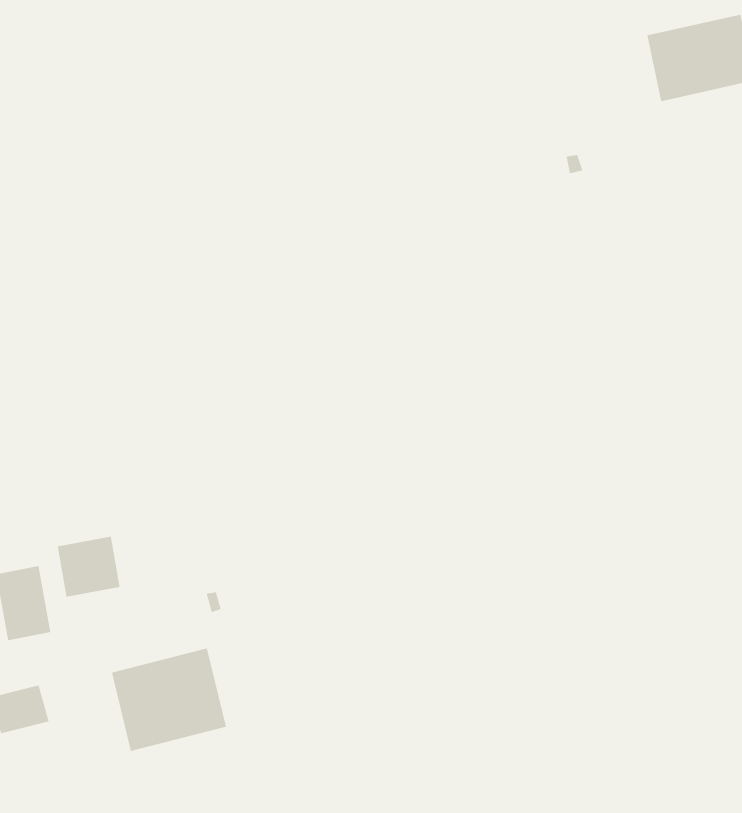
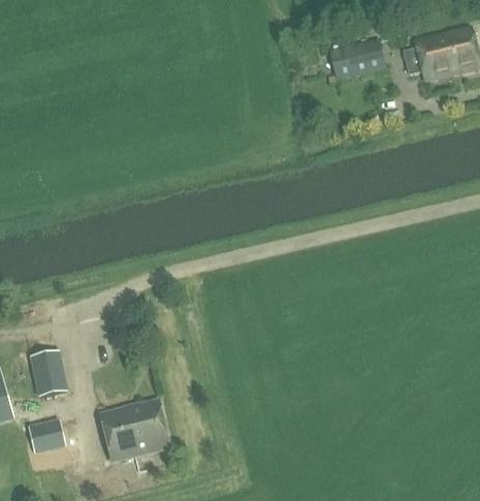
building: none -> [327,38,383,81]
building: [57,536,120,597] -> none

